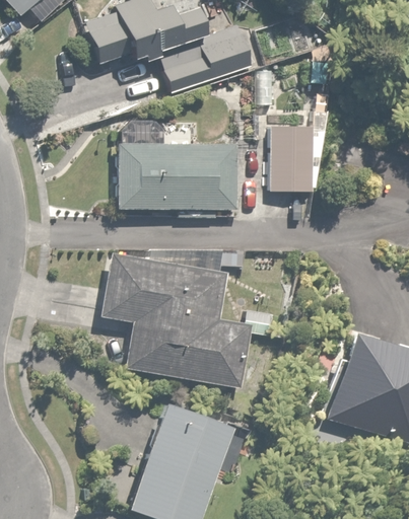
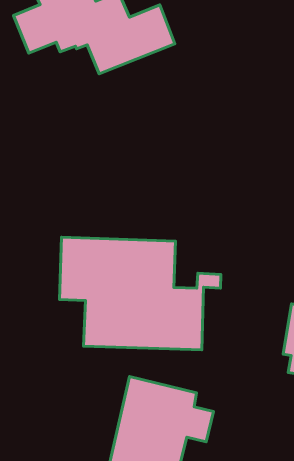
building: [119,123,237,217] -> none
building: [251,128,321,192] -> none

